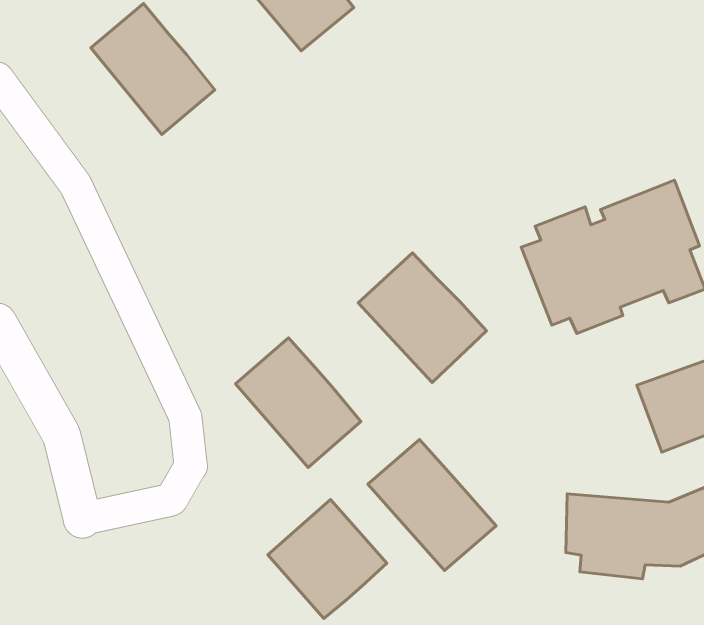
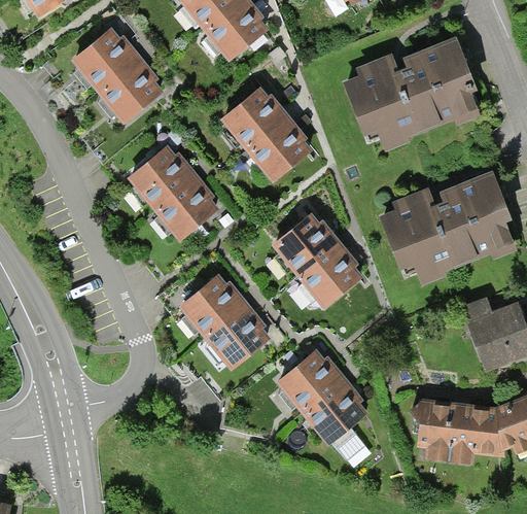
building: none -> [348,35,484,147]
building: none -> [220,87,313,182]
building: none -> [128,145,221,242]
building: [268,499,387,619] -> none

